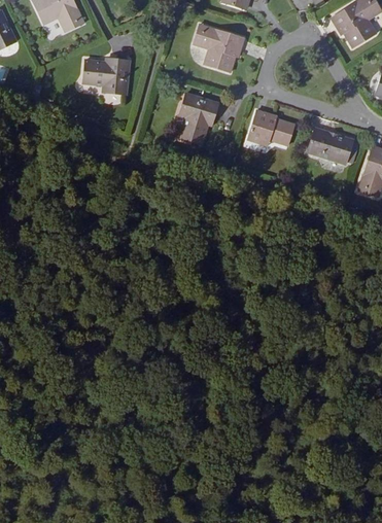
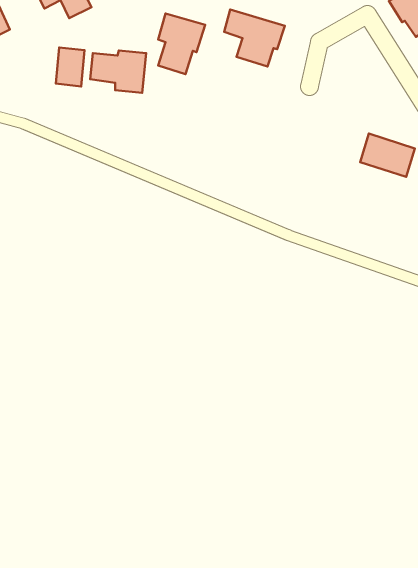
building: none -> [56,47,85,86]
building: [179,94,218,144] -> [158,14,205,74]
building: [247,110,294,145] -> none

